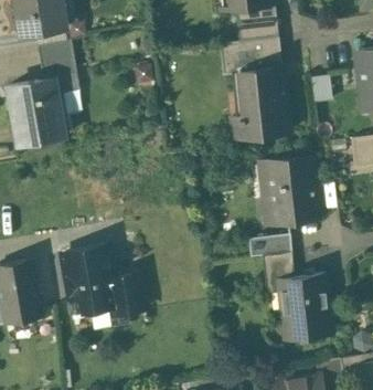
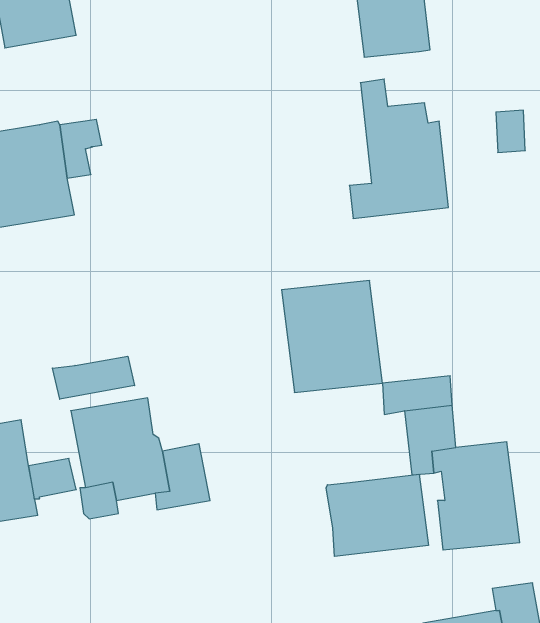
building: [234,38,274,71] -> none
building: [36,40,76,82] -> none
building: [257,156,318,223] -> [282,281,382,392]
building: none -> [52,356,135,399]
building: none -> [326,474,428,556]

